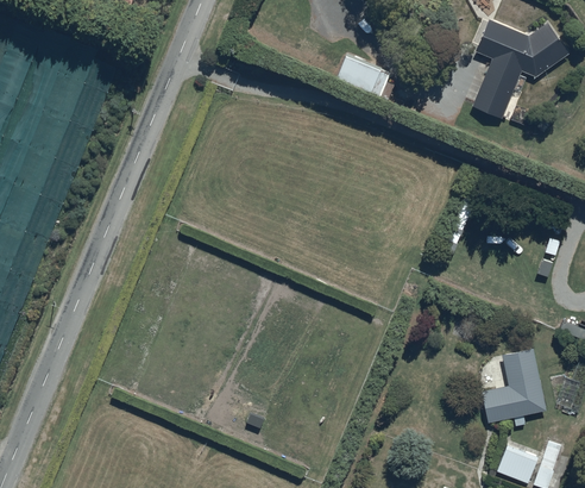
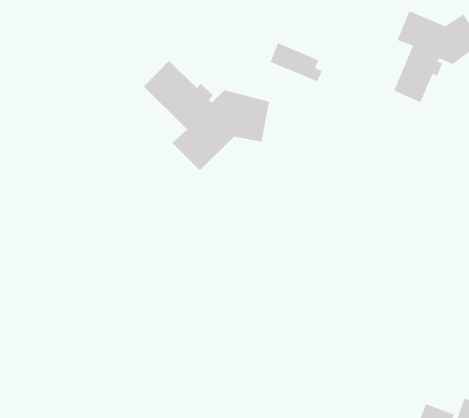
building: none -> [143,60,269,171]
building: [482,349,546,425] -> none

